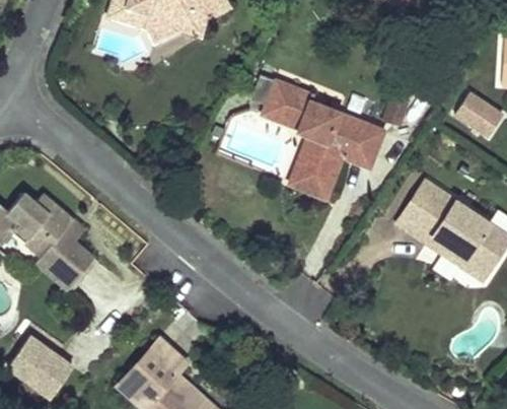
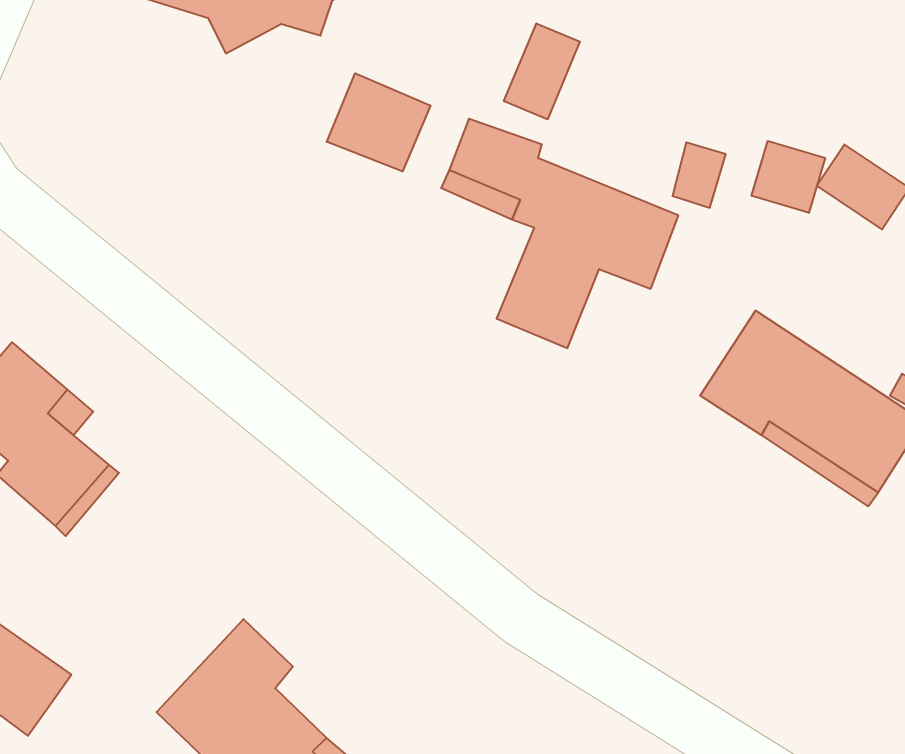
building: none -> [504,23,580,119]
building: none -> [327,73,430,171]
building: none -> [752,141,825,213]

